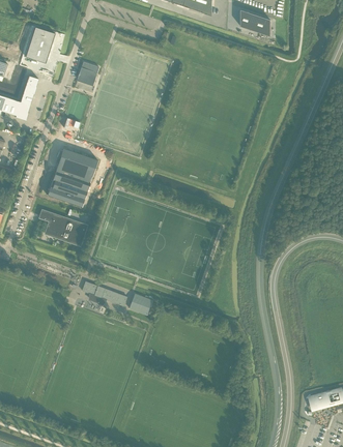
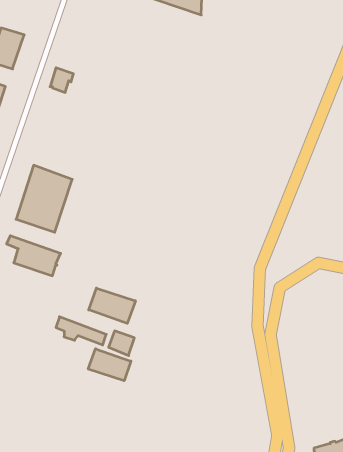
building: [238,9,268,36] -> none
building: none -> [89,288,135,323]
building: none -> [88,349,131,381]

